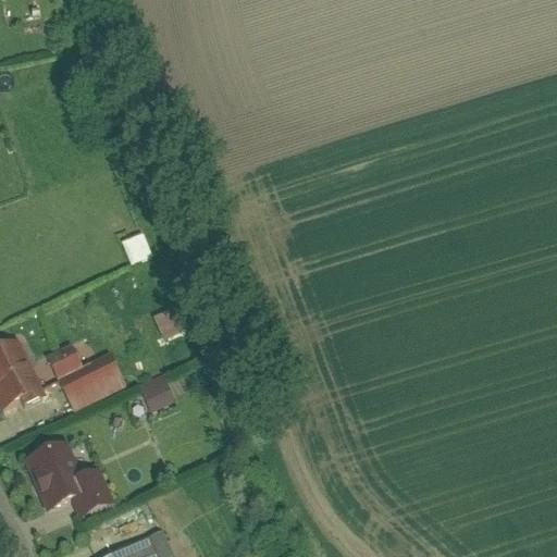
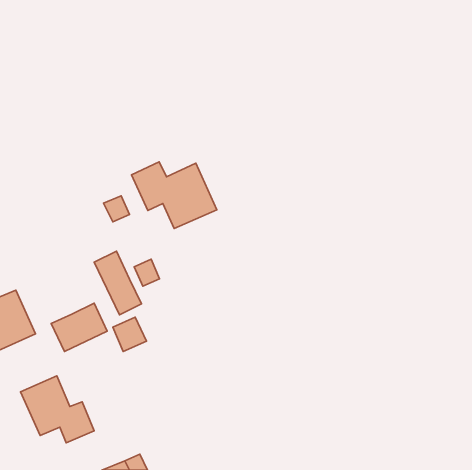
building: none -> [132,162,217,228]
building: none -> [94,251,142,315]
building: [48,343,84,377] -> none

